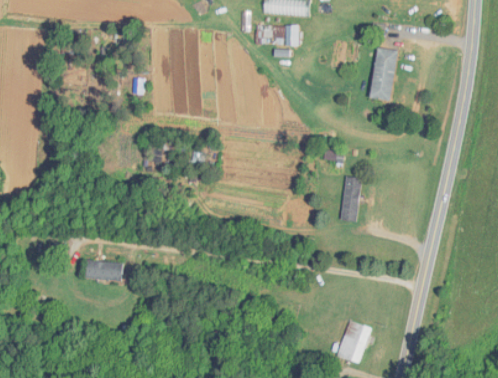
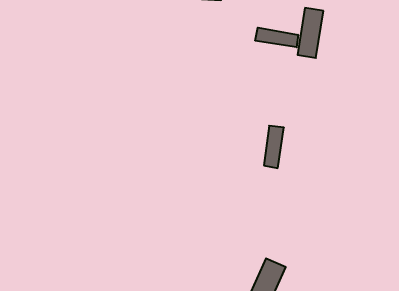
building: none -> [255,28,298,47]
building: [85,258,124,280] -> none

